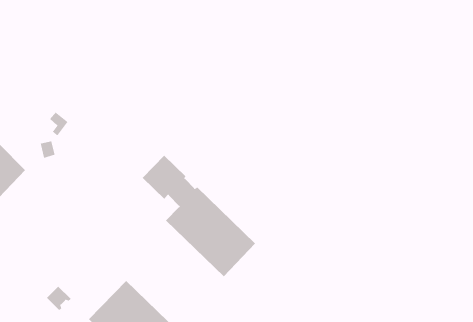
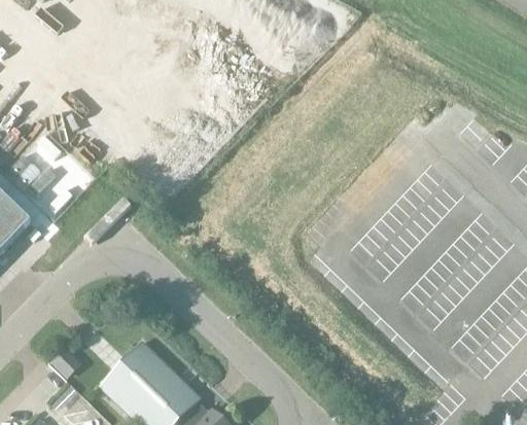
building: [142,155,256,277] -> none

